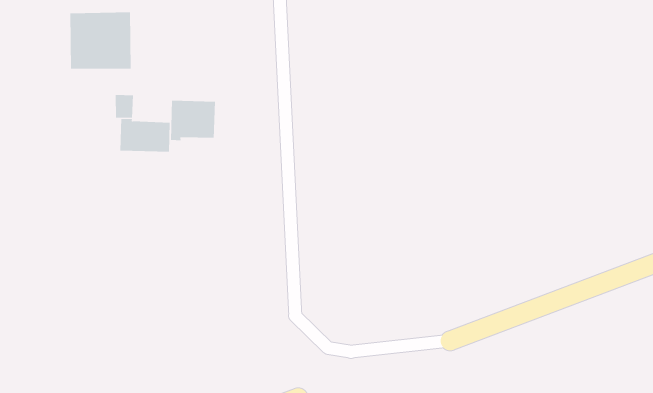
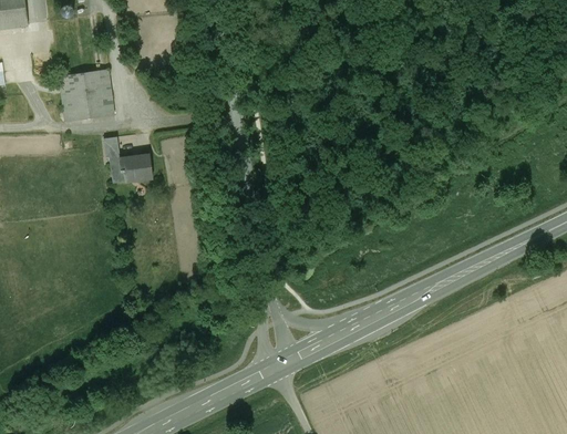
building: [170,100,216,141] -> none

